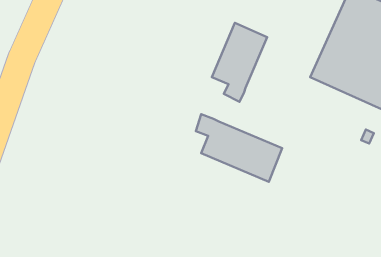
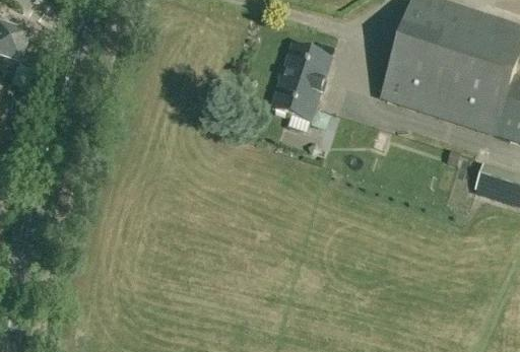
building: [196,114,282,182] -> none

